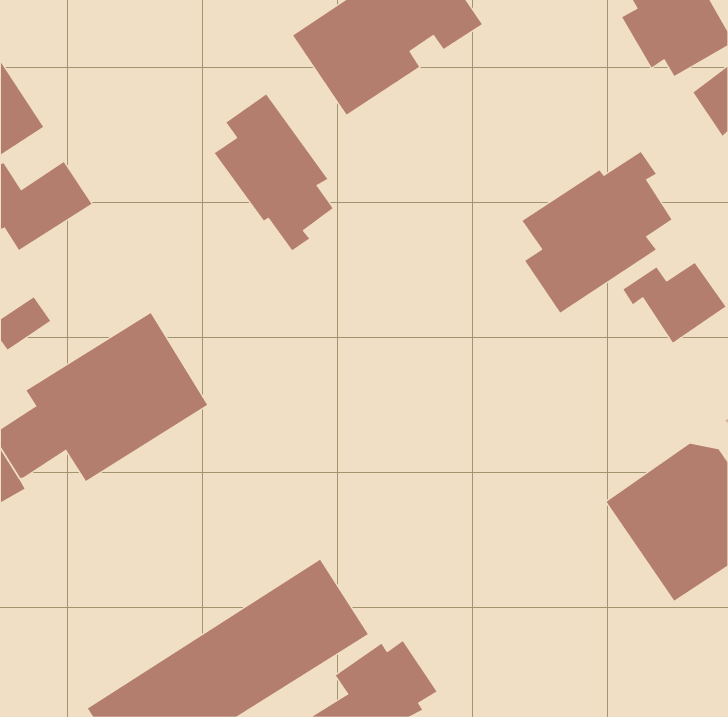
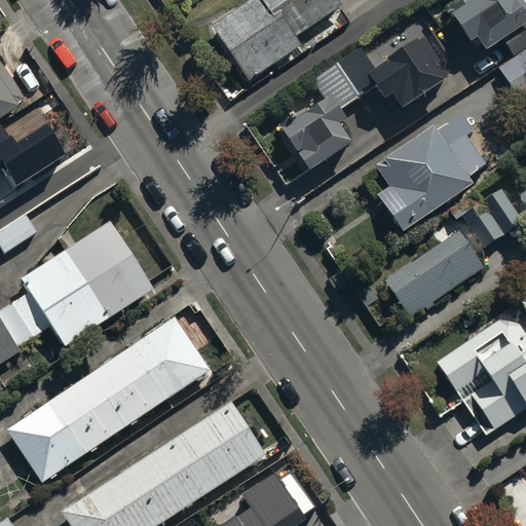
building: none -> [280,46,440,177]
building: [214,93,333,251] -> none
building: none -> [385,230,484,316]
building: none -> [6,317,210,483]

